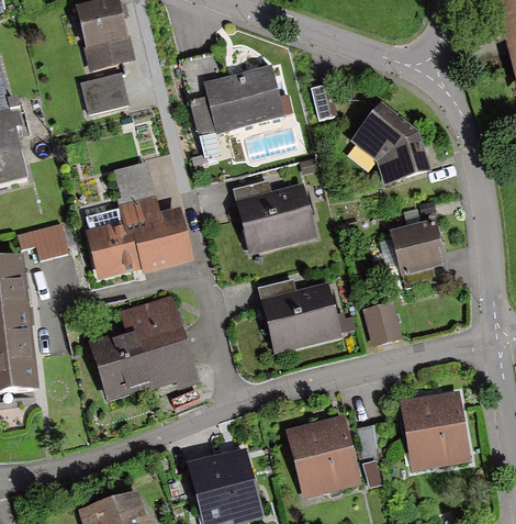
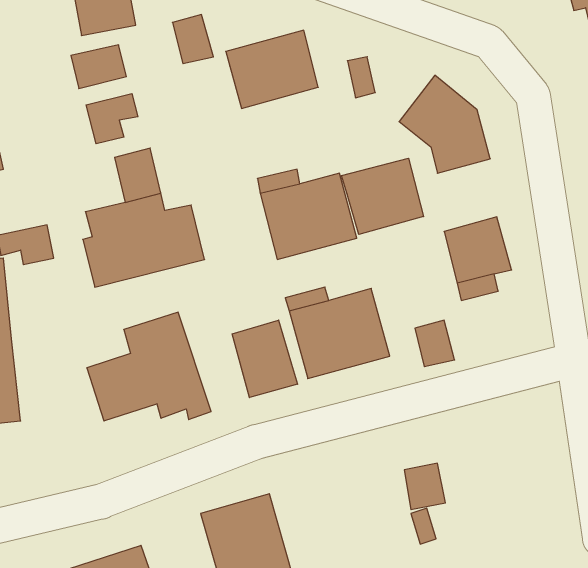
building: [188,93,222,134] -> [172,15,213,64]
building: none -> [86,94,138,144]
building: none -> [341,158,424,234]
building: none -> [232,320,298,398]
building: [400,391,472,472] -> none
building: [285,416,362,501] -> none

